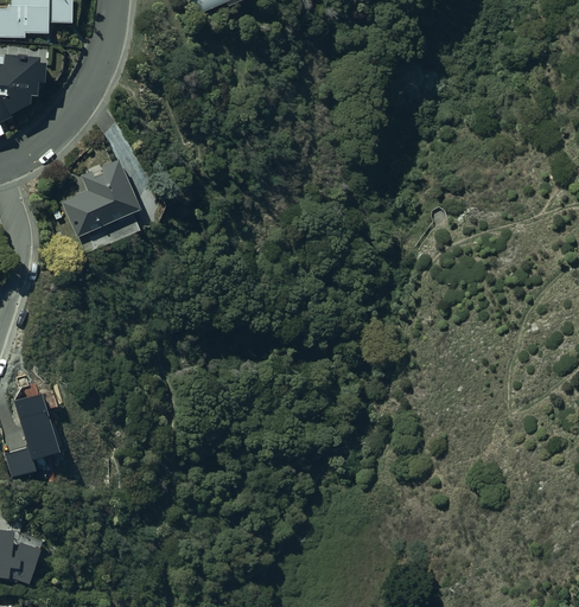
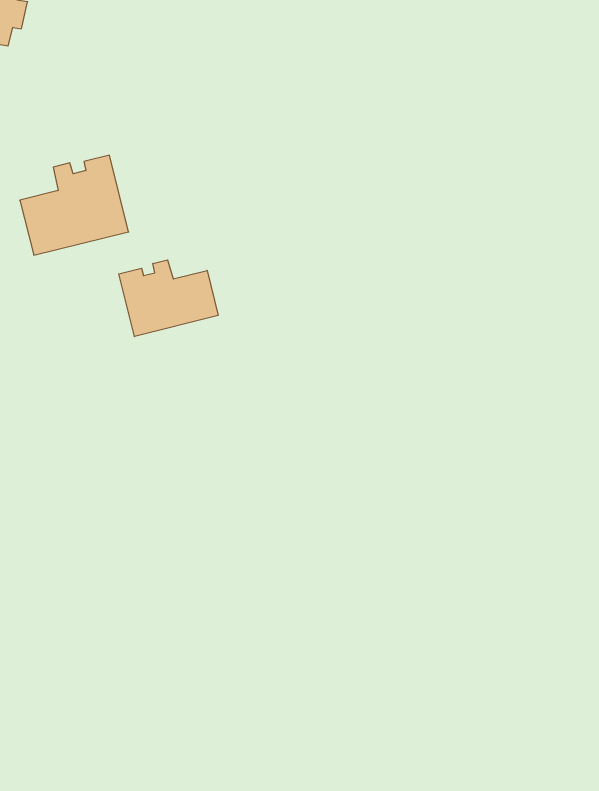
building: none -> [119,260,218,337]

